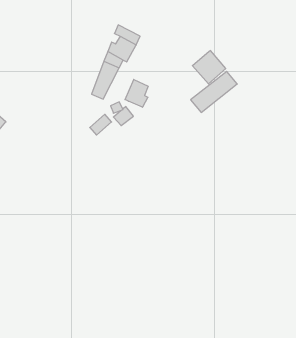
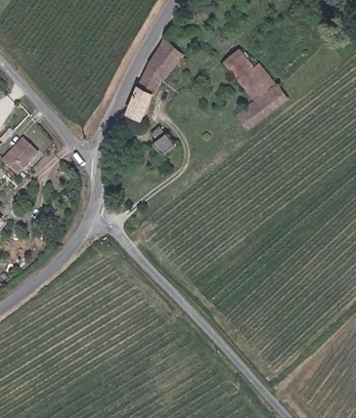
building: none -> [223,55,254,86]
building: [125,79,148,107] -> none

